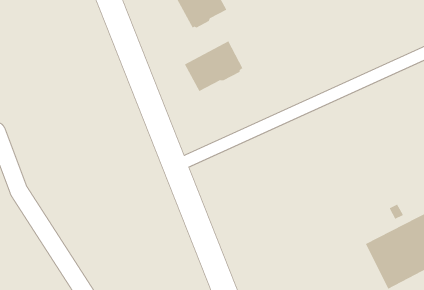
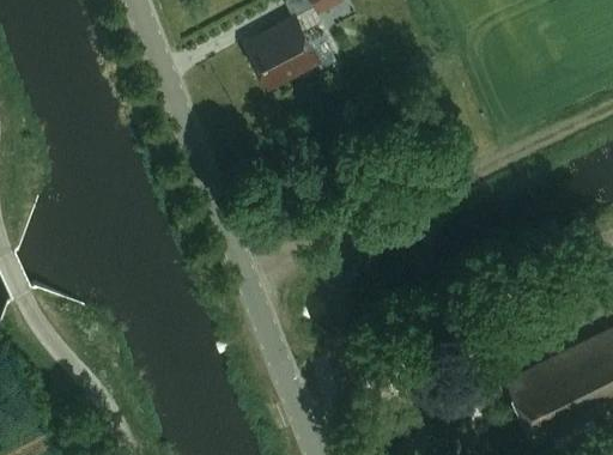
building: [184,41,243,92] -> none

